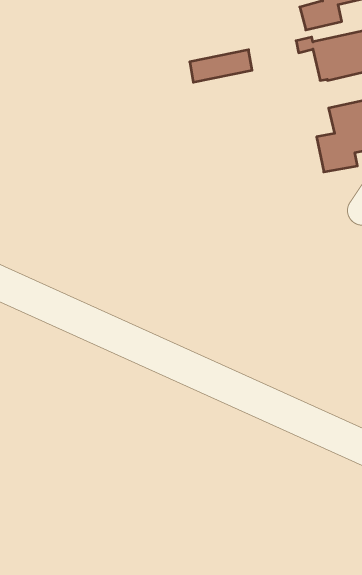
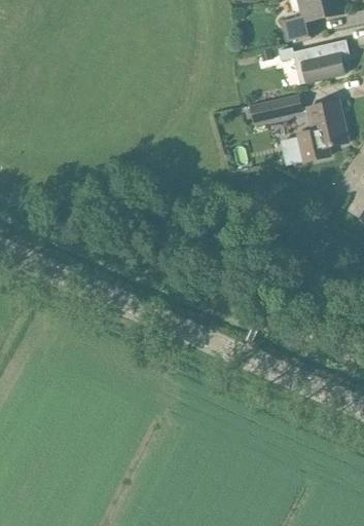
building: [190,50,252,82] -> [249,93,302,121]

